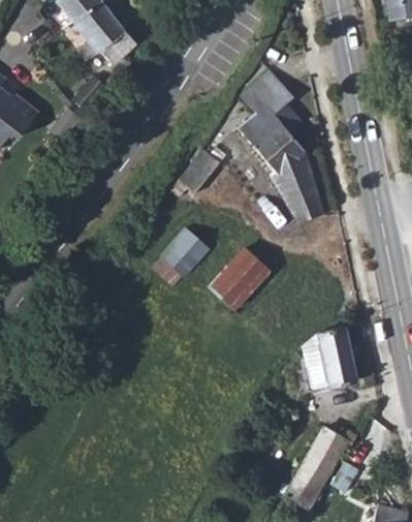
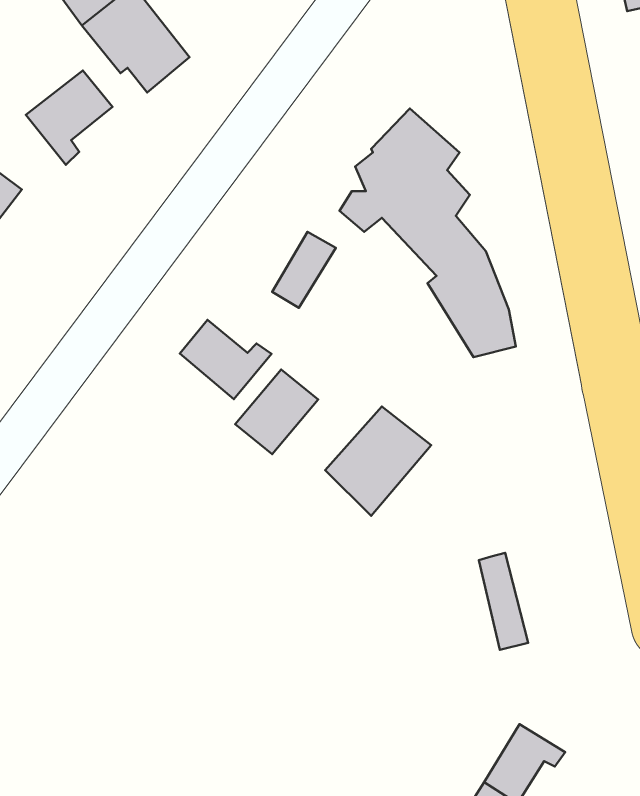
building: none -> [26,70,112,165]
building: none -> [180,320,272,399]
building: [318,326,358,385] -> none

